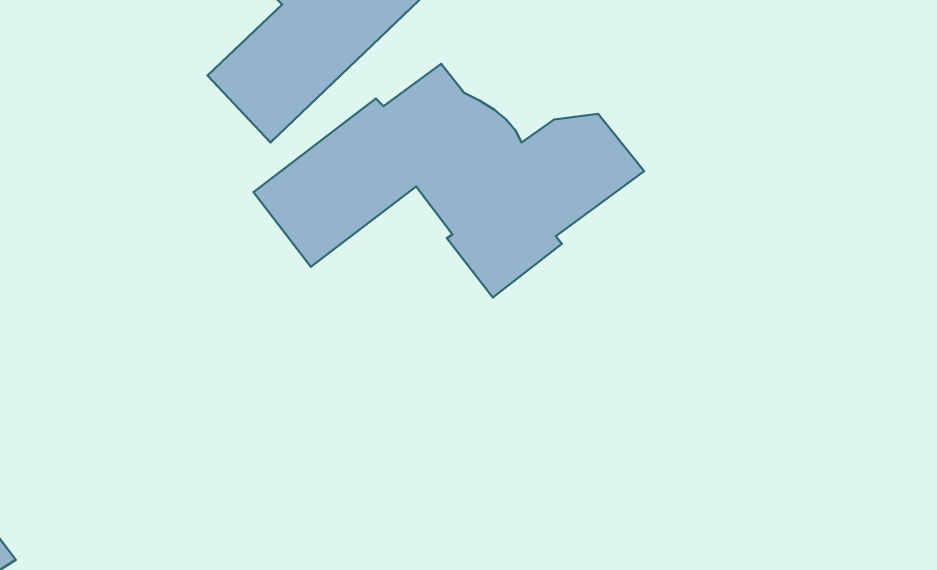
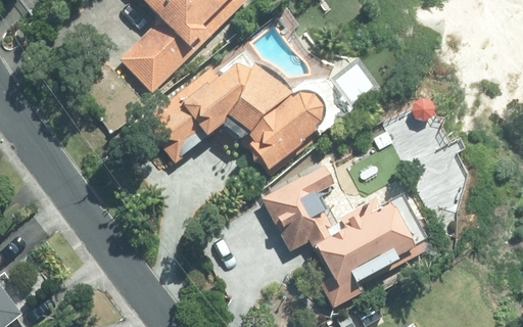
building: none -> [263,164,430,306]

